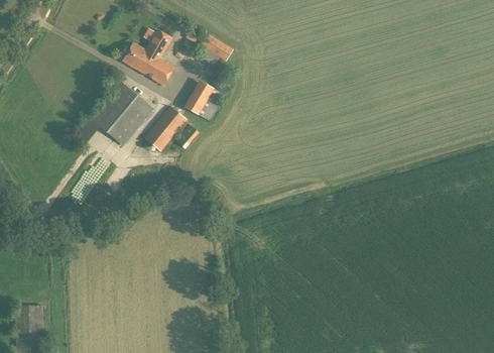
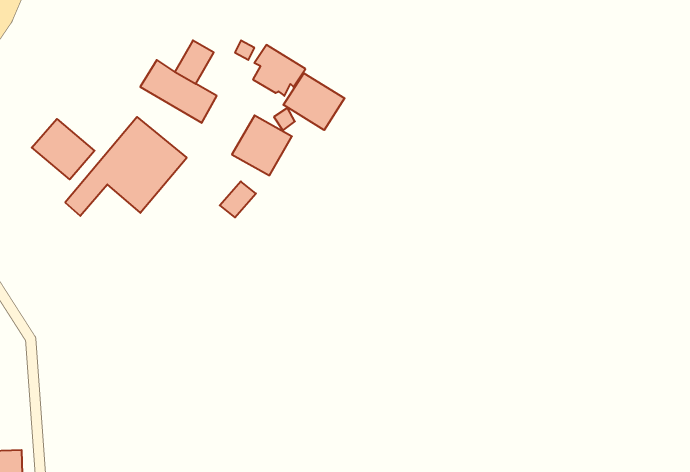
building: none -> [283,73,345,130]
building: none -> [32,119,95,179]
building: [145,106,188,151] -> none

